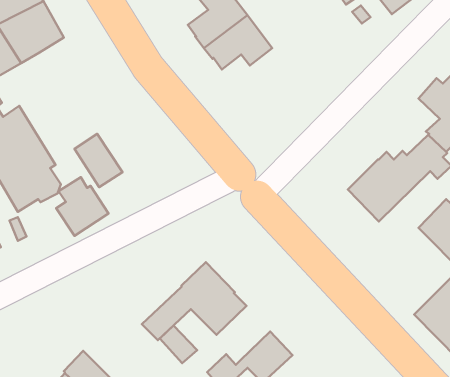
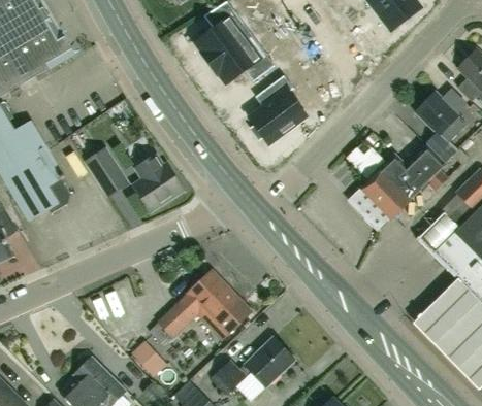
building: none -> [248,74,306,142]
building: [56,177,109,236] -> [132,155,183,211]
building: [160,326,197,363] -> [131,340,167,376]

